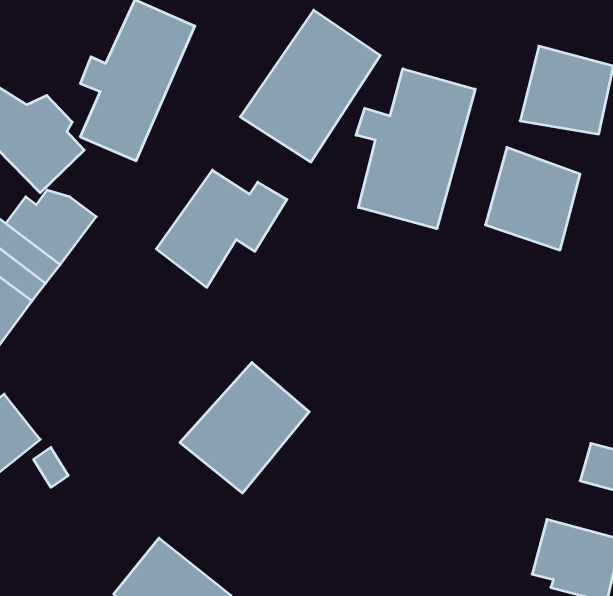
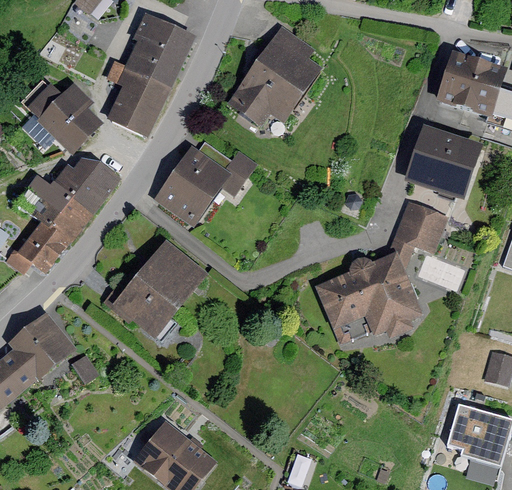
building: [356,69,475,229] -> none
building: none -> [321,202,448,342]
building: [180,362,309,493] -> [116,243,213,341]

